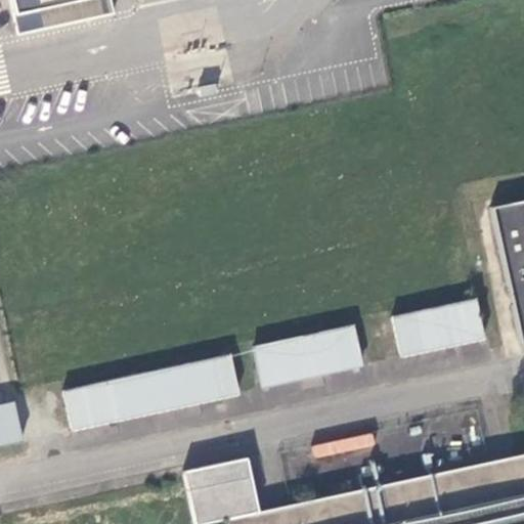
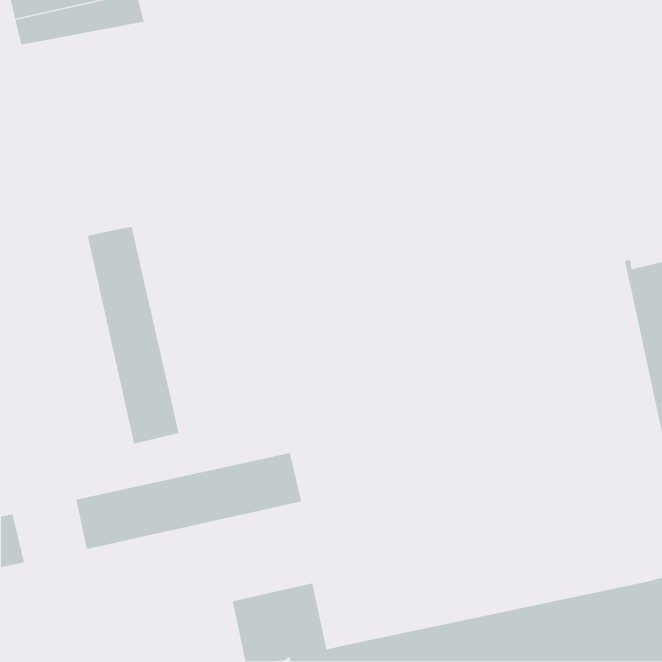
building: none -> [87,226,179,445]
building: [379,298,485,359] -> none
building: [255,325,363,386] -> none

